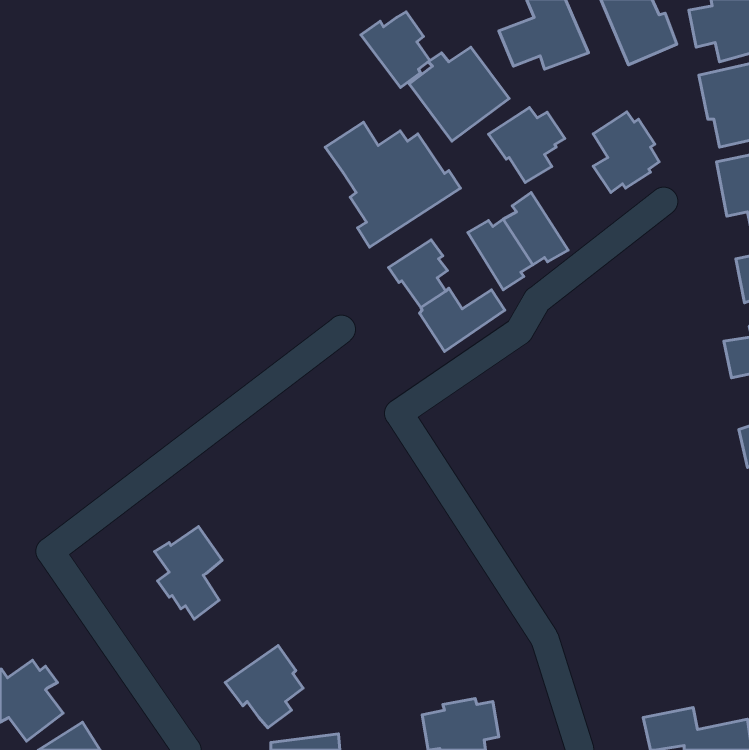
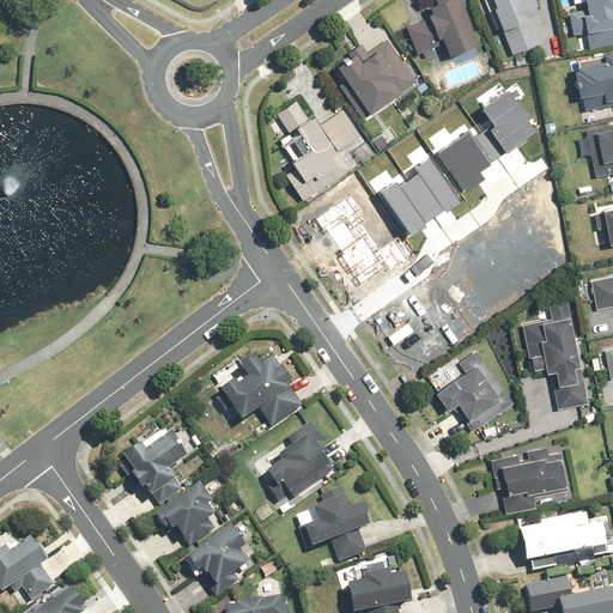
building: [361,12,430,88] -> none
building: [488,108,565,183] -> [437,132,499,193]
building: none -> [523,298,588,408]
building: none -> [435,348,514,431]
building: none -> [218,354,302,426]
building: none -> [263,423,336,496]
building: none -> [491,447,568,514]
building: none -> [153,481,214,546]
building: none -> [303,486,369,560]
building: none -> [517,515,606,571]

